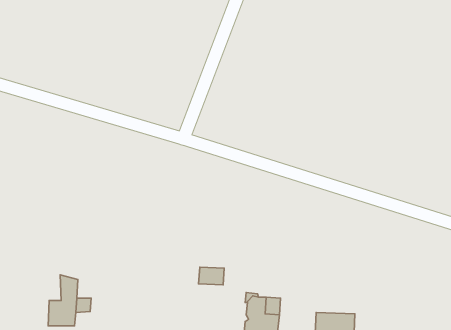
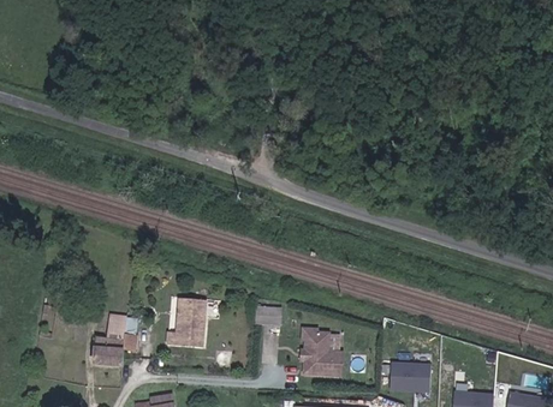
building: none -> [167,303,206,349]

